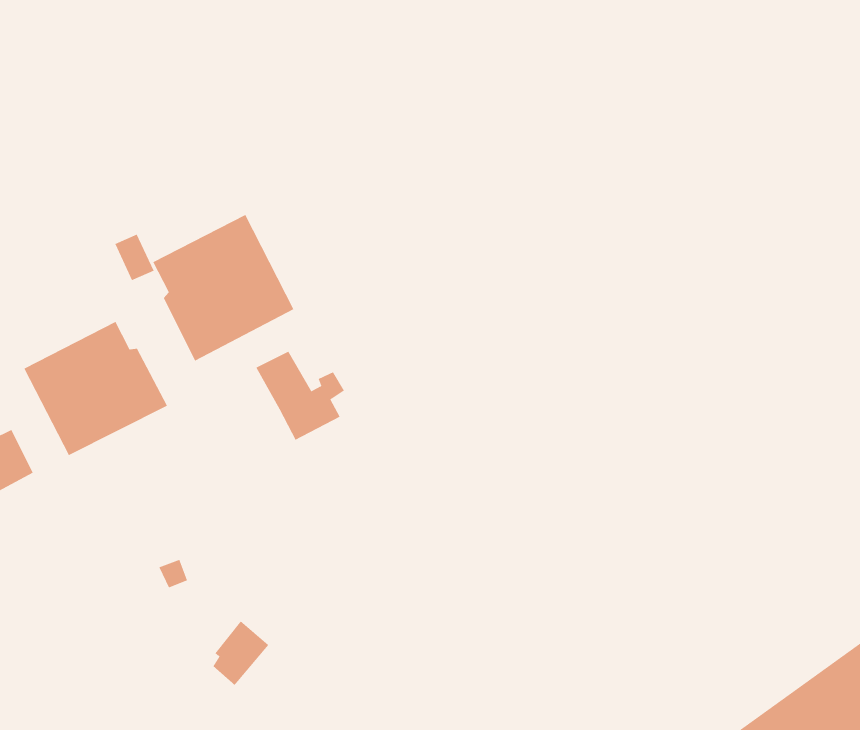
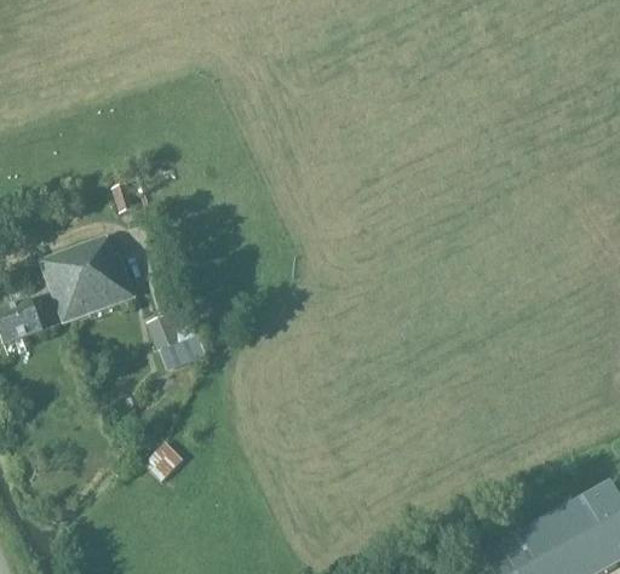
building: [152,214,294,362] -> none
building: [256,351,345,440] -> [147,312,203,372]

